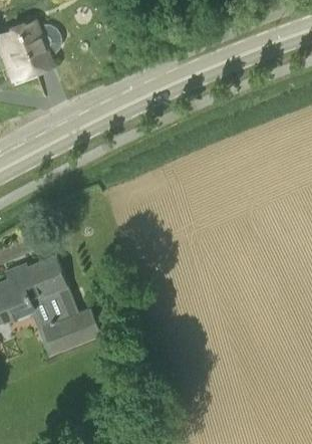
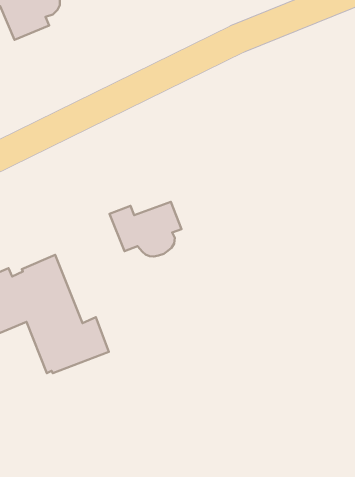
building: none -> [109,202,181,257]

